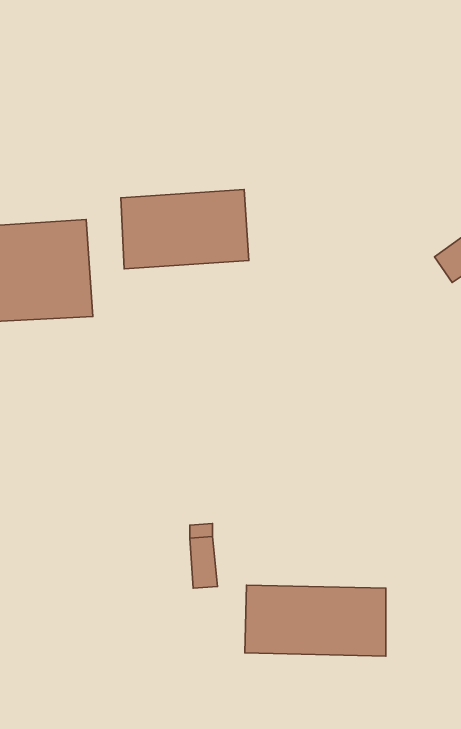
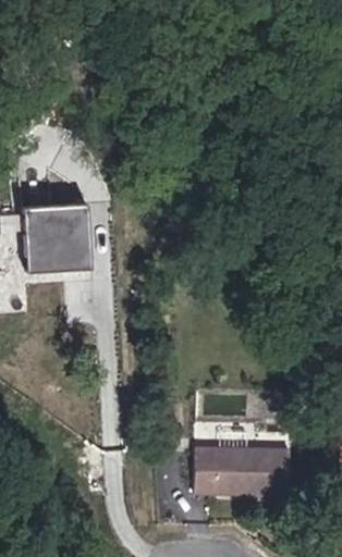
building: [121,190,249,269] -> none

